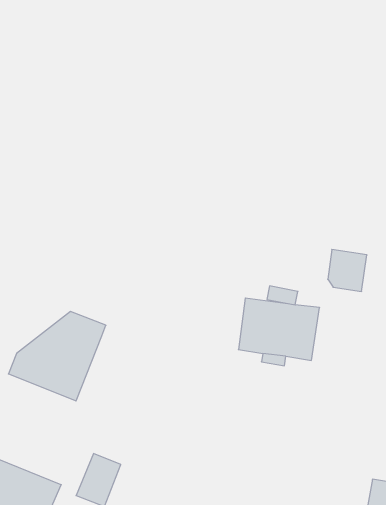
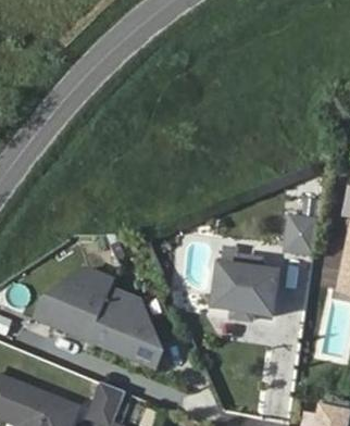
building: none -> [87,286,160,366]

